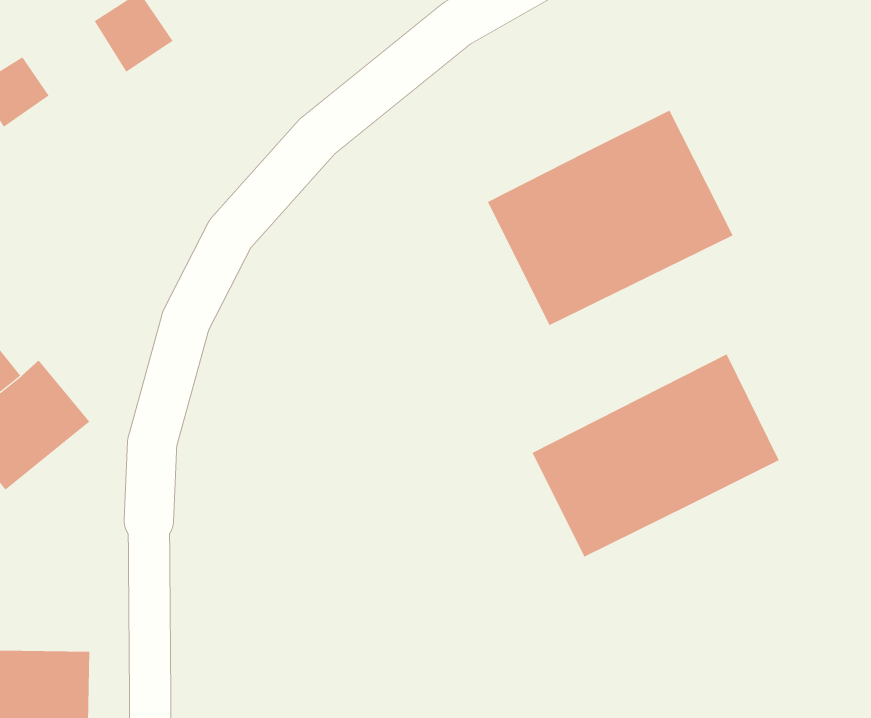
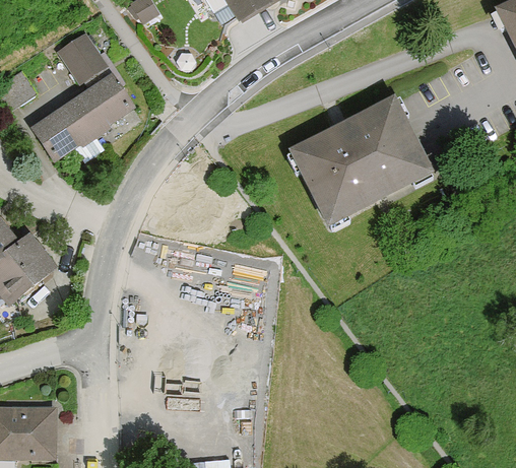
building: none -> [31,76,132,161]
building: [532,354,780,557] -> none

